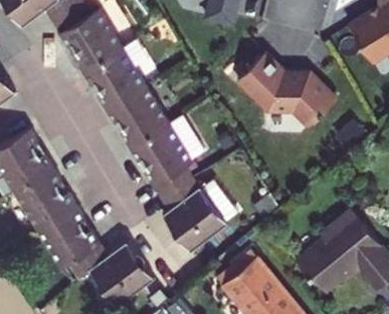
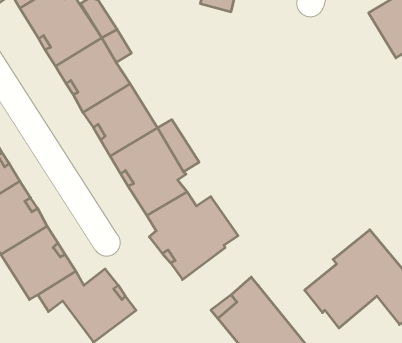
building: [237,52,336,127] -> none

